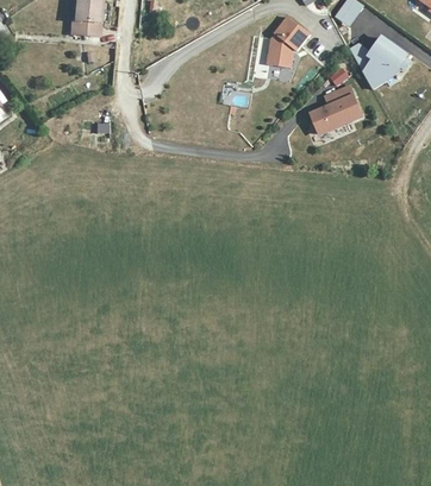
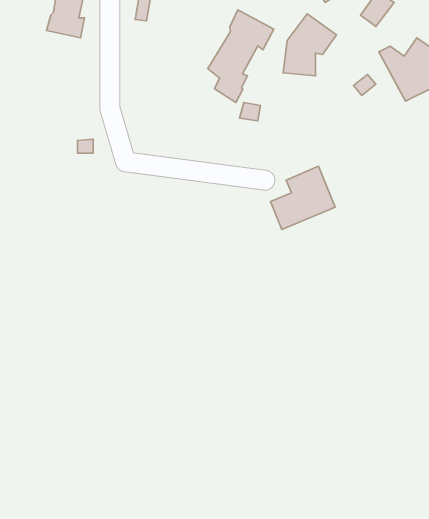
building: none -> [208,10,274,103]
building: [310,83,364,137] -> [271,166,335,230]

